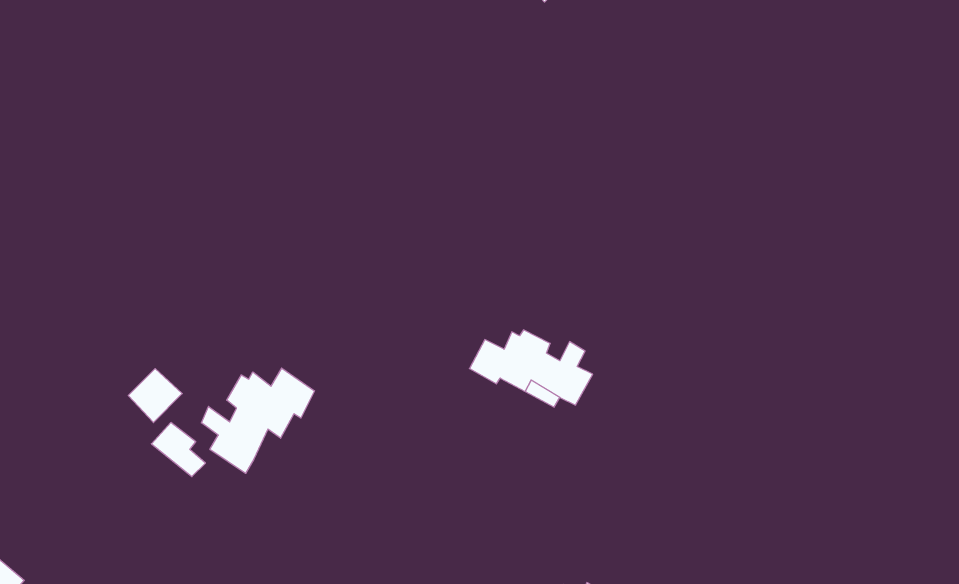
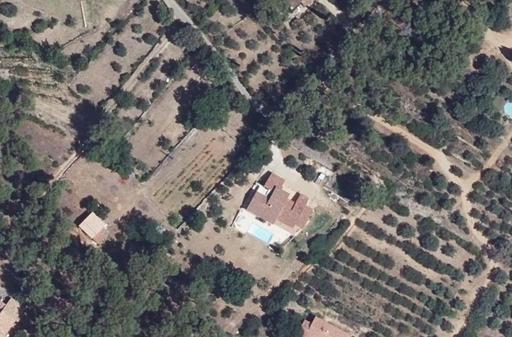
building: [201,368,314,473] -> none

